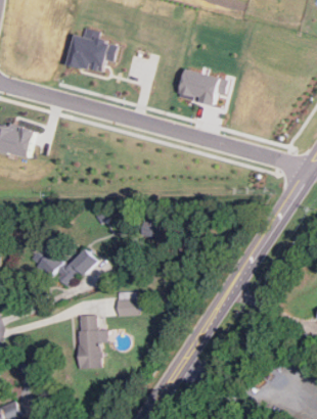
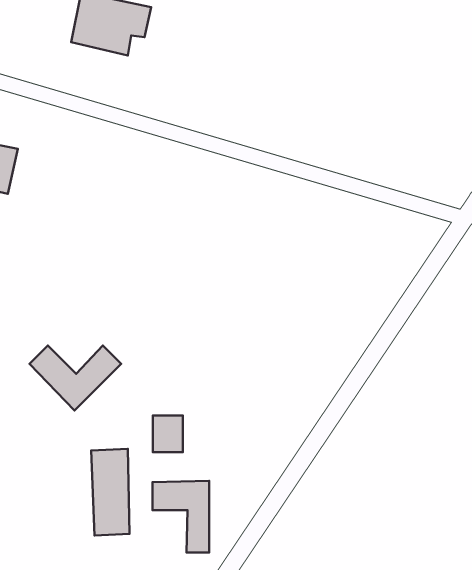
building: [176,68,225,104] -> none
building: none -> [152,481,209,553]

